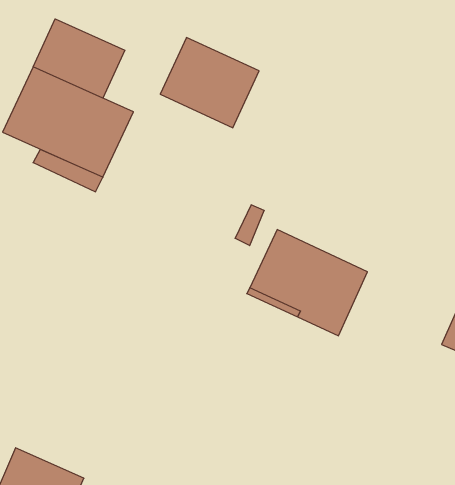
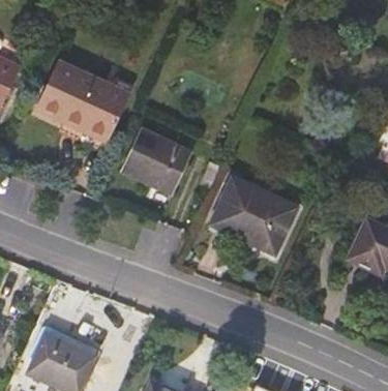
building: [33,19,125,98] -> none
building: [160,38,259,128] -> [121,127,191,191]

